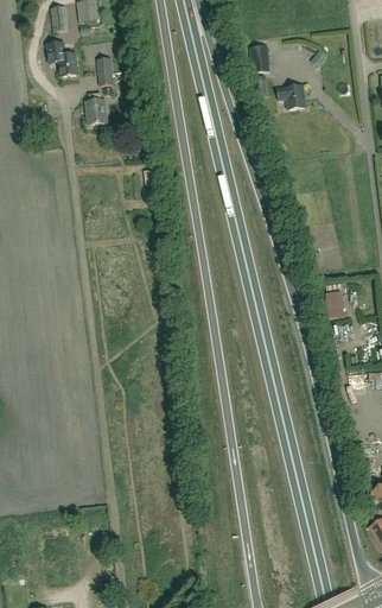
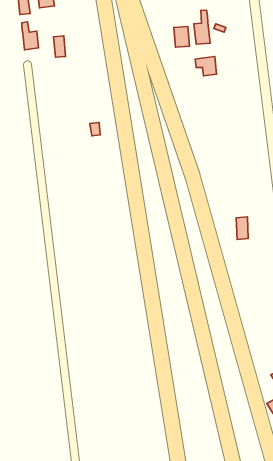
building: none -> [194,10,210,44]
building: [85,93,107,124] -> none

